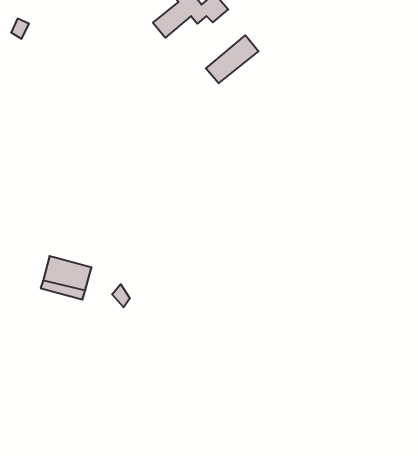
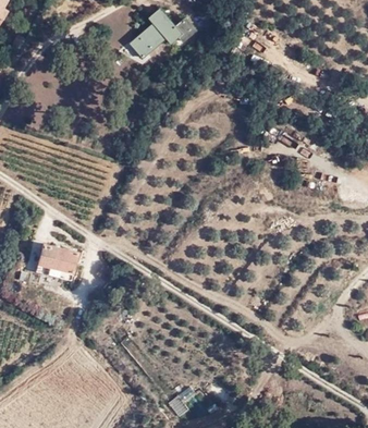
building: [206,35,259,83] -> none

